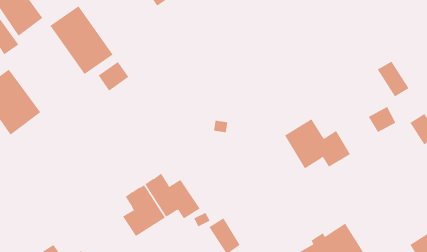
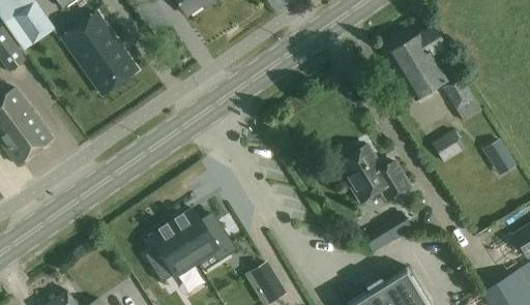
building: none -> [389,28,452,100]
building: [98,61,129,91] -> none
building: none -> [363,213,412,253]

